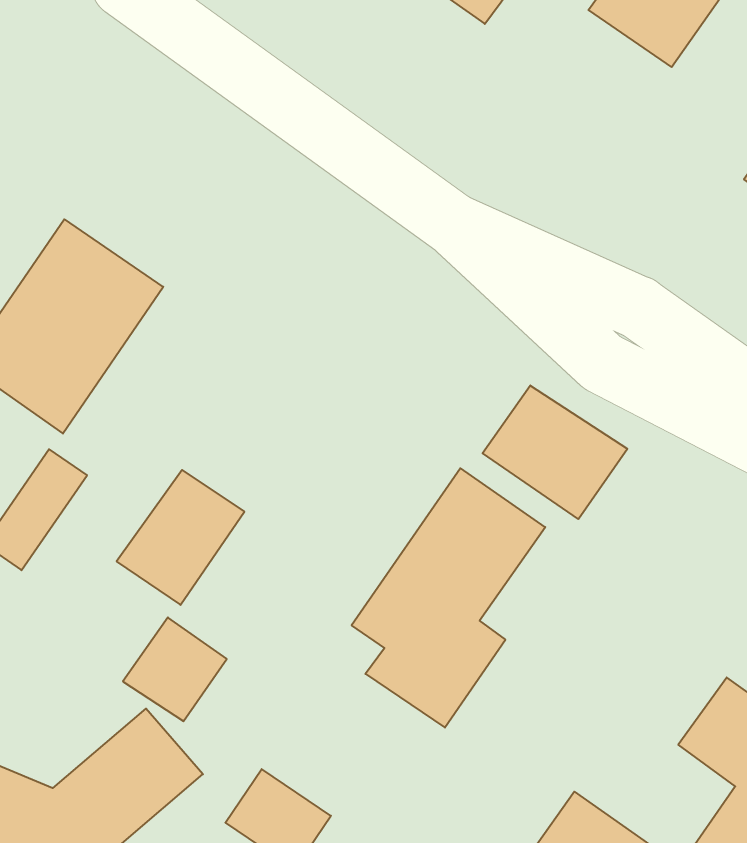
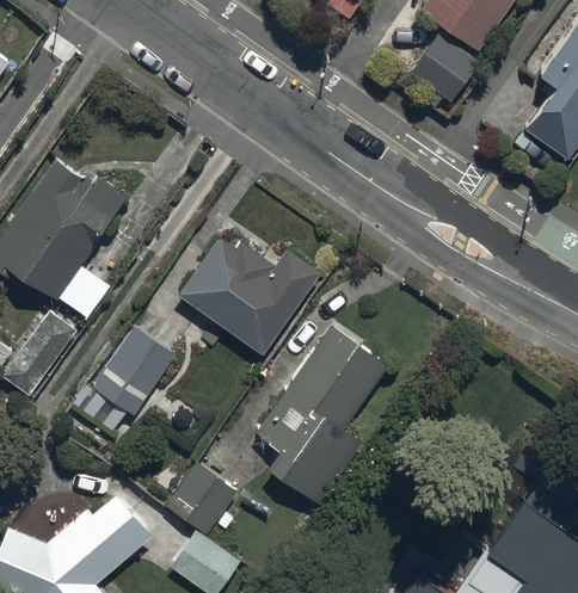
building: none -> [407,33,480,105]
building: none -> [177,237,322,357]
building: [483,385,627,519] -> none
building: [123,617,227,721] -> [165,463,236,535]

